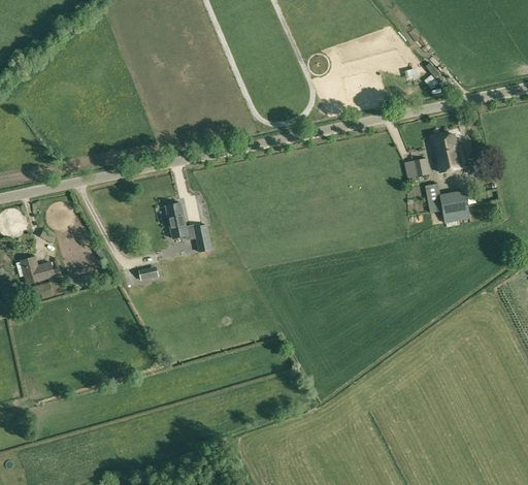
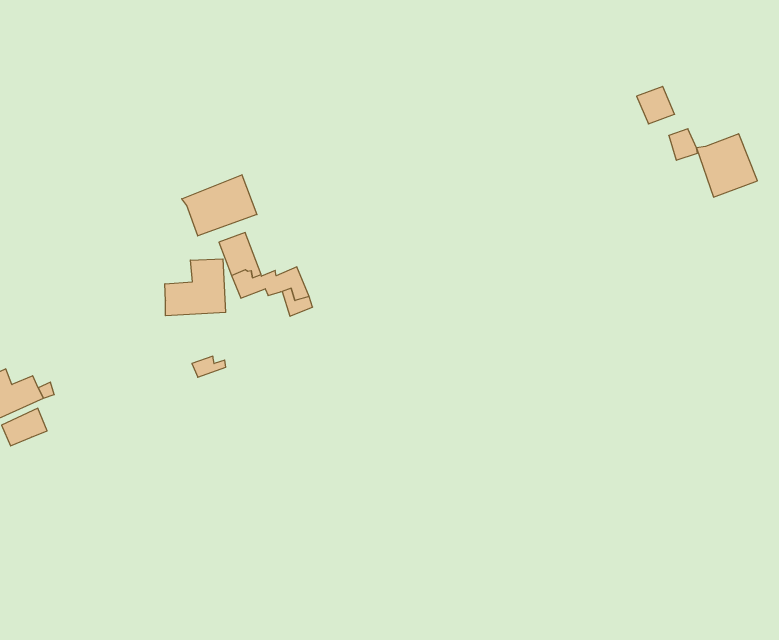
building: [432,134,461,172] -> none
building: none -> [182,175,257,236]
building: none -> [165,259,226,316]

